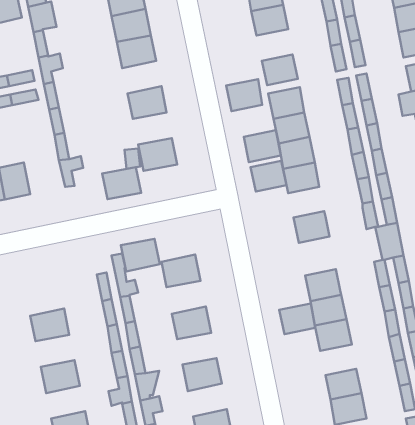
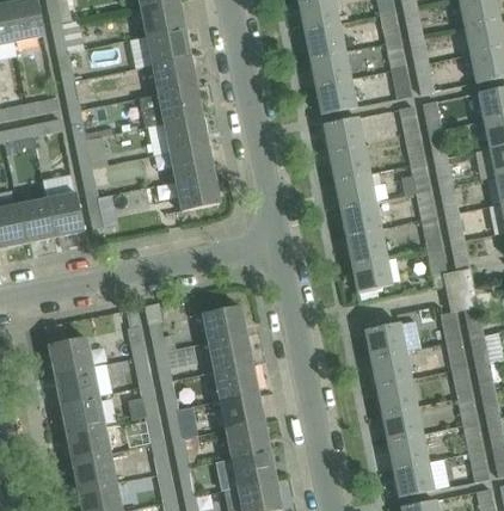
building: none -> [158,86,202,123]
building: [226,79,262,111] -> [309,50,350,86]
building: [244,130,281,162] -> none
building: none -> [47,195,84,236]
building: [251,161,287,192] -> [345,228,386,263]
building: [102,167,141,199] -> [170,144,214,180]
building: [121,239,160,272] -> [208,334,252,371]
building: none -> [48,335,92,374]
building: [279,303,315,334] -> [381,406,422,441]
building: none -> [220,393,264,429]
building: none -> [60,395,104,431]
building: none -> [232,450,276,487]
building: none -> [72,452,116,490]

